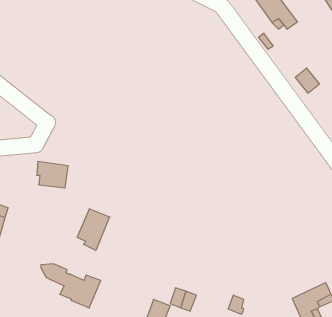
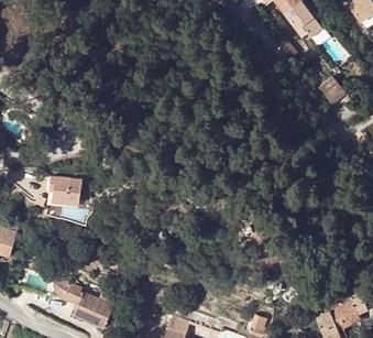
building: [77,209,110,250] -> none

